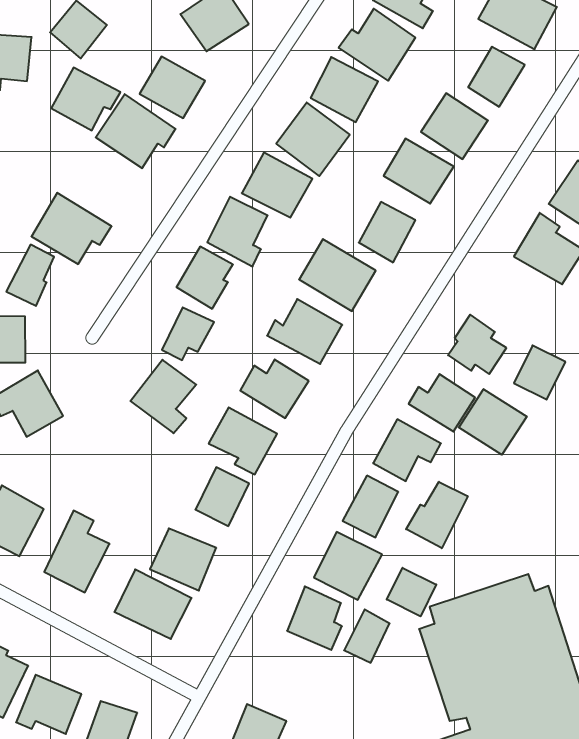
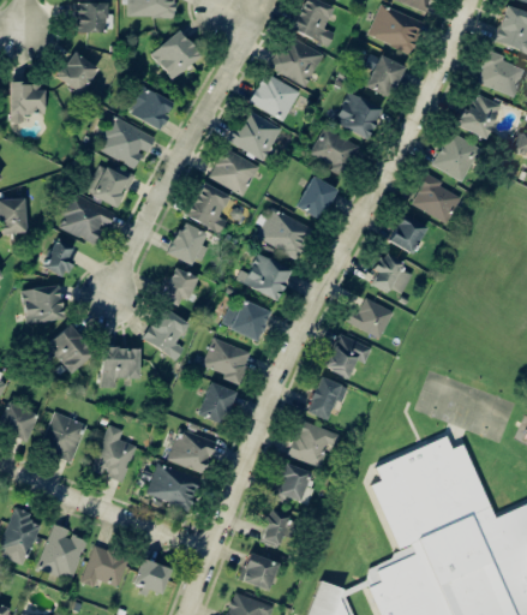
building: [51,68,120,130] -> [86,162,136,207]
building: [514,345,565,400] -> [390,215,426,253]
building: [459,389,527,455] -> none
building: none -> [102,347,140,388]
building: [406,482,468,548] -> none
building: [387,568,436,616] -> none
building: [344,609,390,663] -> [259,508,291,547]

